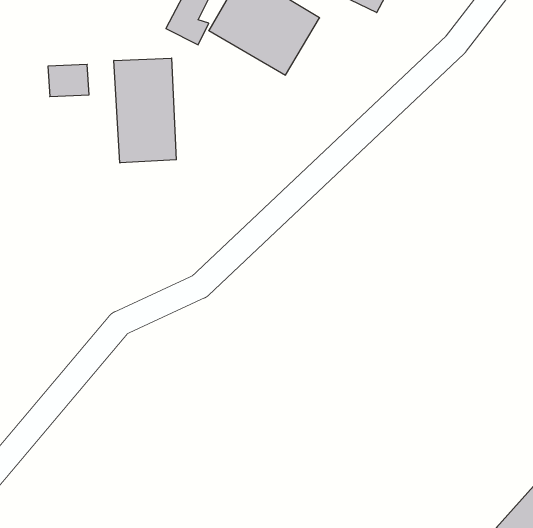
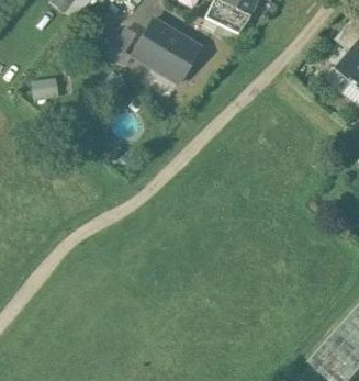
building: [114,58,176,163] -> none

